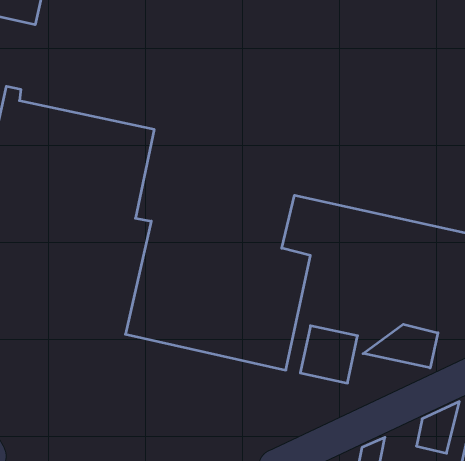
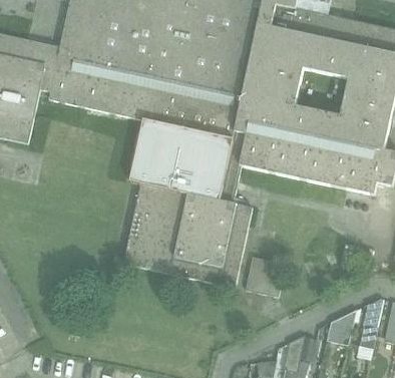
building: [363,324,438,368] -> none

